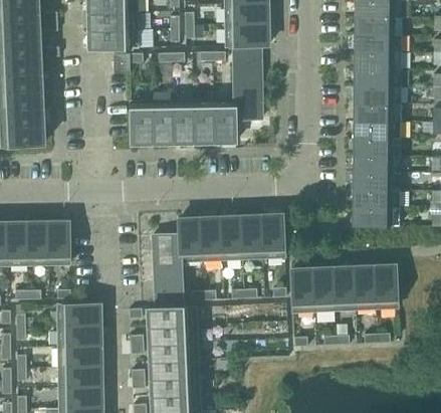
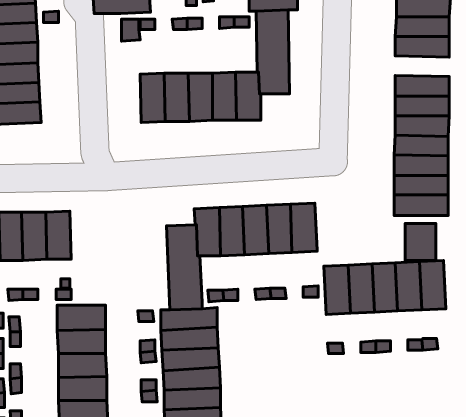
building: [354,85,401,104] -> none
building: none -> [405,224,436,260]

